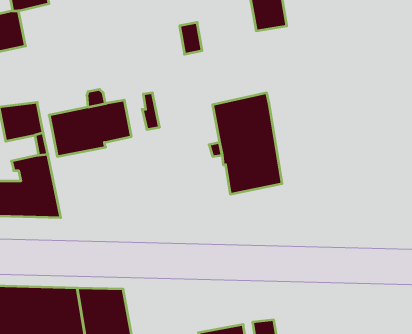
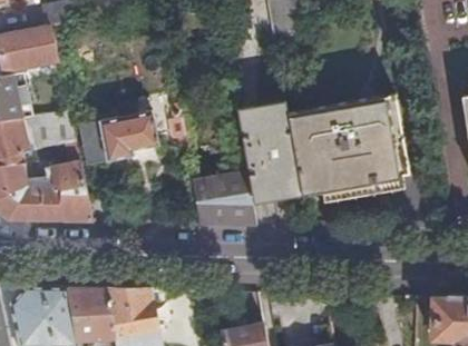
building: none -> [289,98,409,197]
building: none -> [192,172,255,226]

